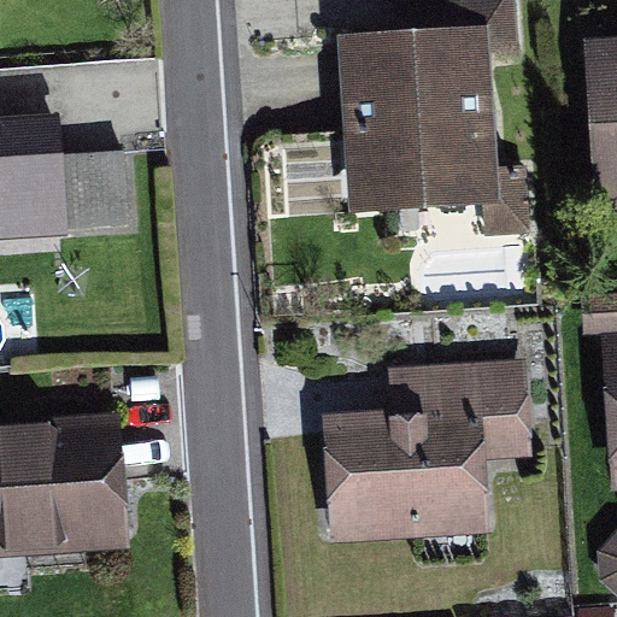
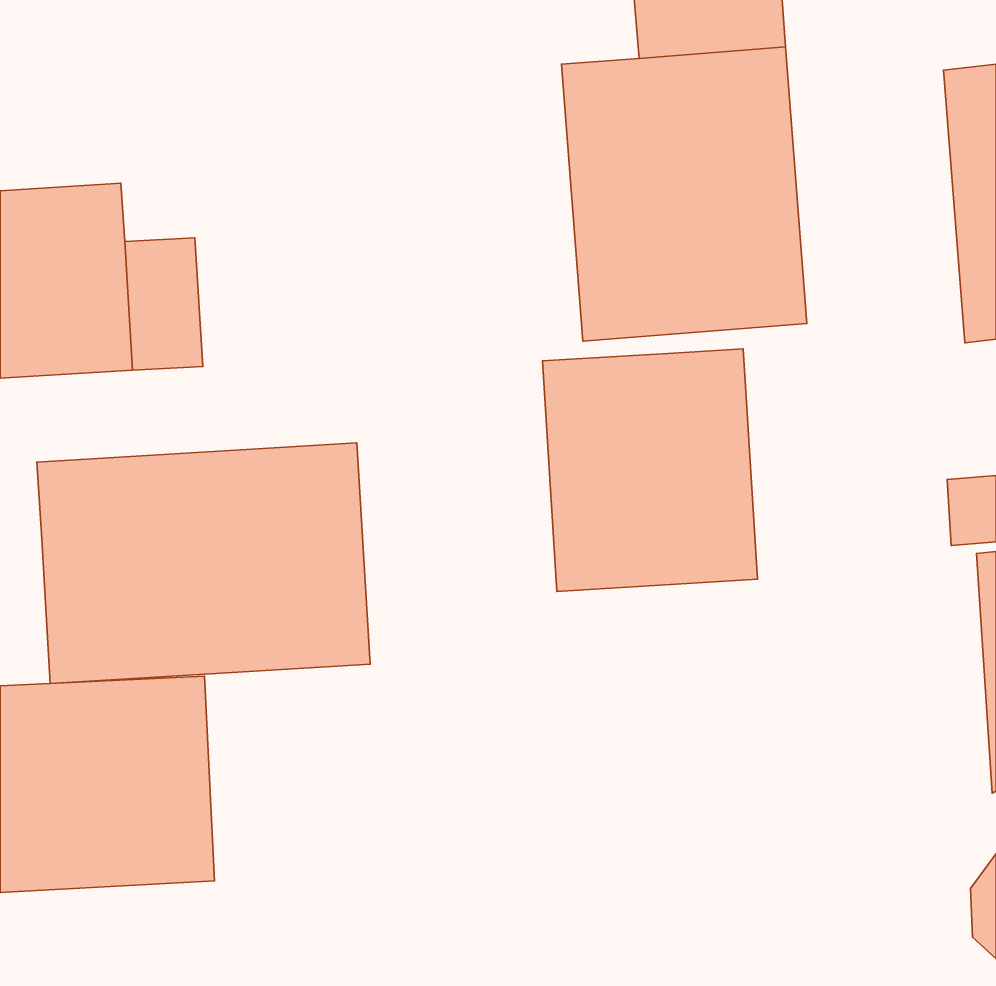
building: none -> [543,349,758,592]
building: none -> [37,443,370,684]
building: [329,371,528,528] -> none

